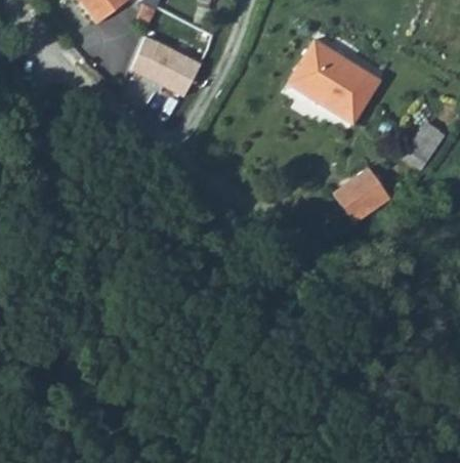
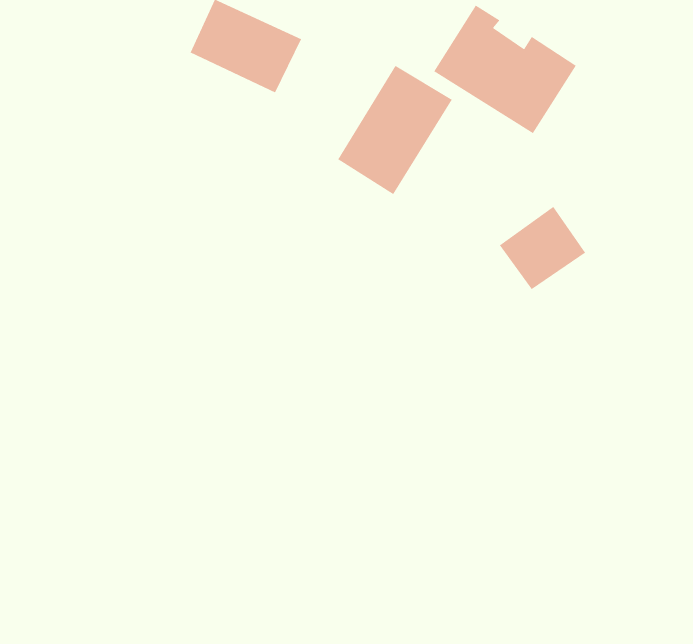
building: none -> [337,65,453,195]
building: [404,115,447,164] -> none

